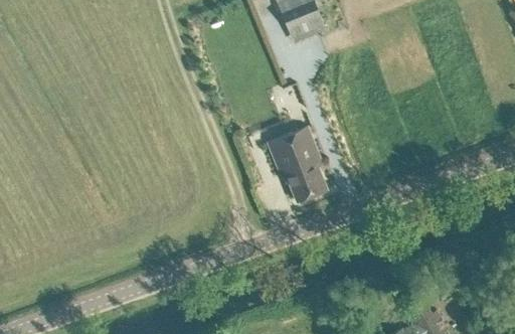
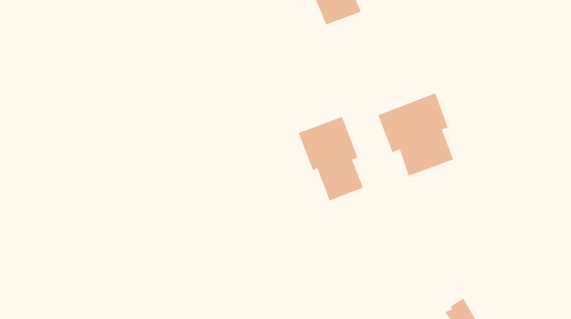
building: none -> [378,93,454,177]

